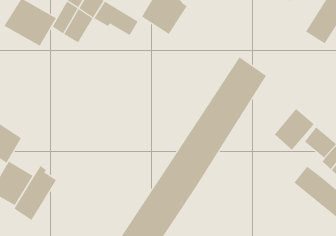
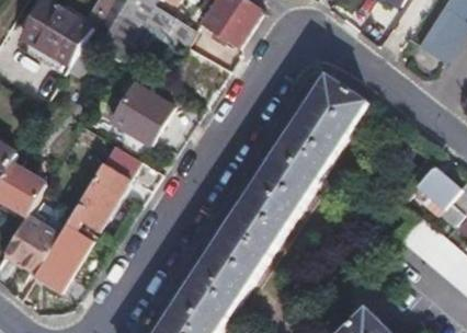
building: none -> [112,82,172,141]
building: [274,108,315,151] -> none
building: none -> [69,142,139,229]

